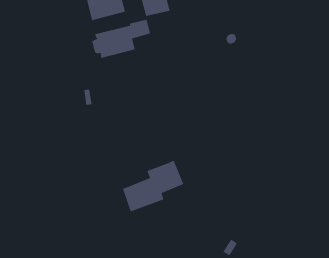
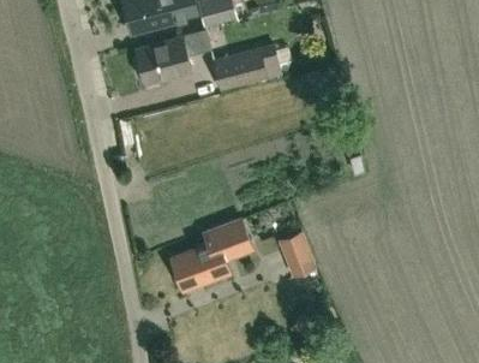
building: none -> [211,46,280,90]
building: none -> [276,231,315,276]

